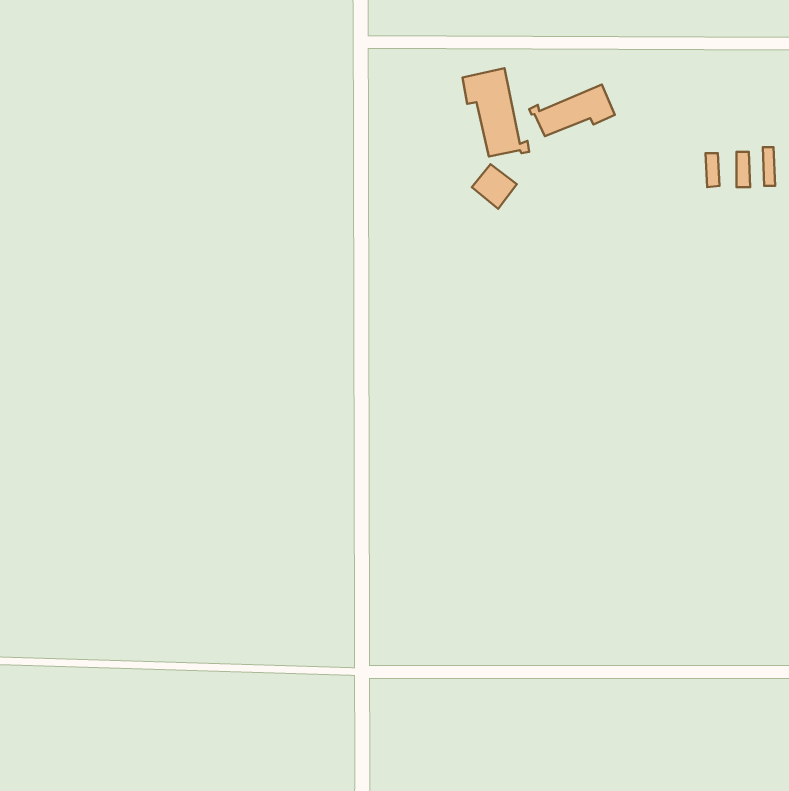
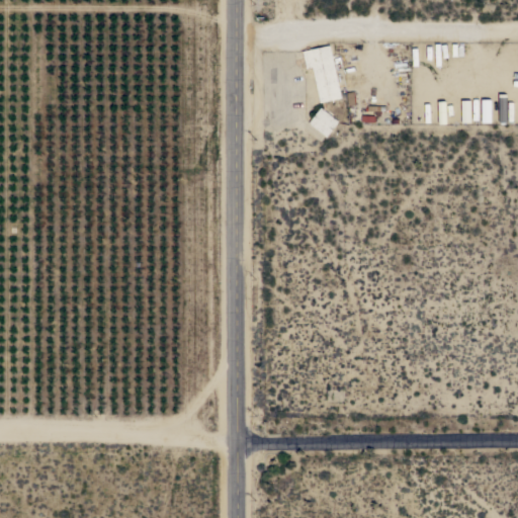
building: [529,84,615,136] -> none

